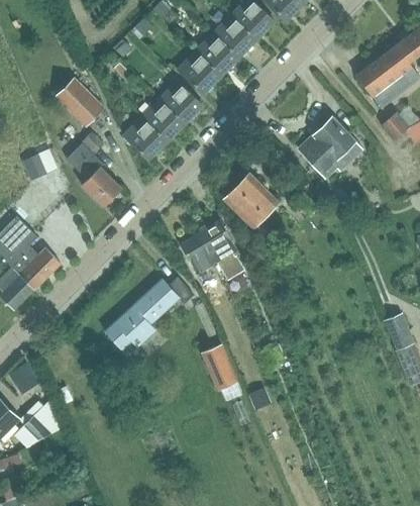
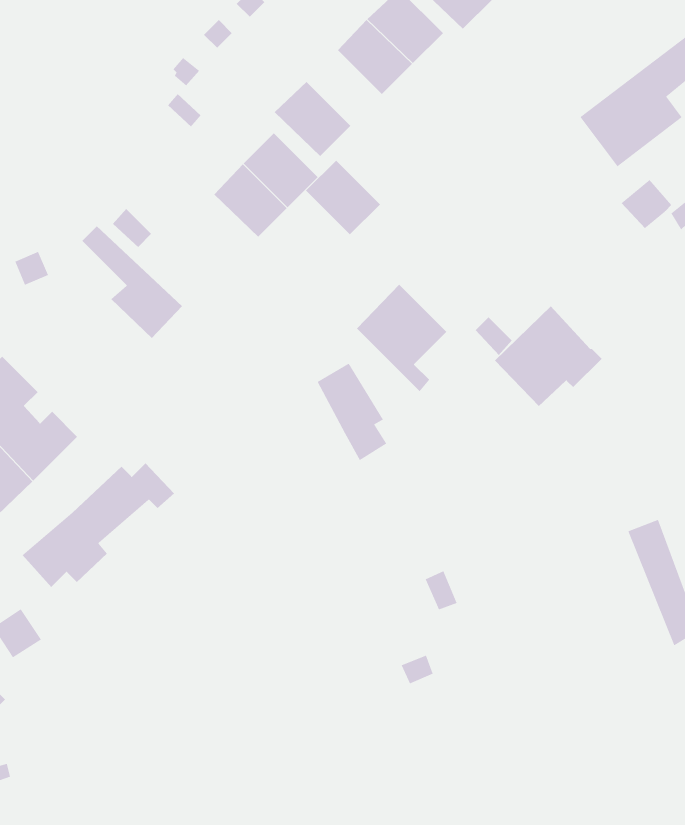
building: [195,36,239,81] -> [305,160,381,235]
building: [58,79,103,125] -> none
building: [299,117,362,177] -> [494,305,602,407]
building: [122,121,167,165] -> none
building: [179,231,217,285] -> none
building: [104,277,194,350] -> [22,463,175,588]
building: [202,343,237,389] -> none
building: [24,403,57,441] -> none

